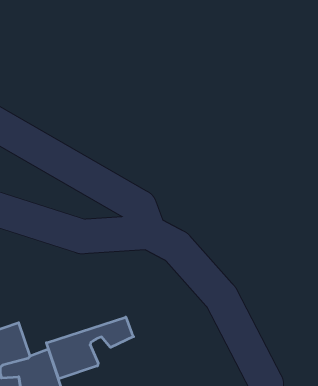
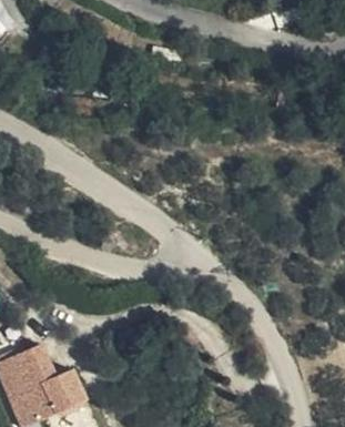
building: [46,317,134,379] -> none

